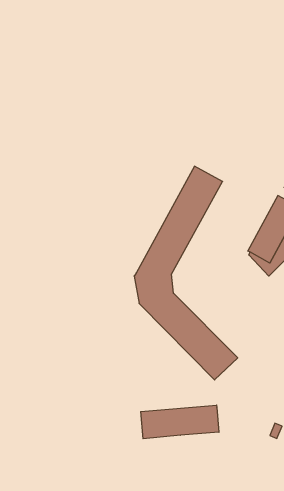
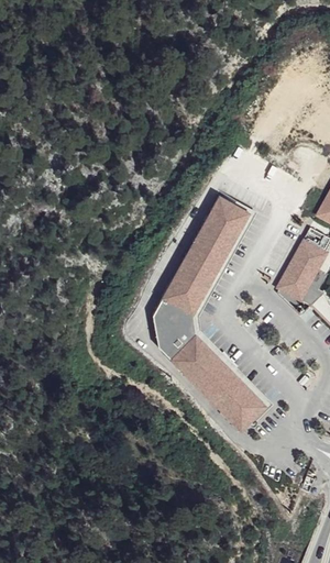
building: [141,405,219,439] -> none

